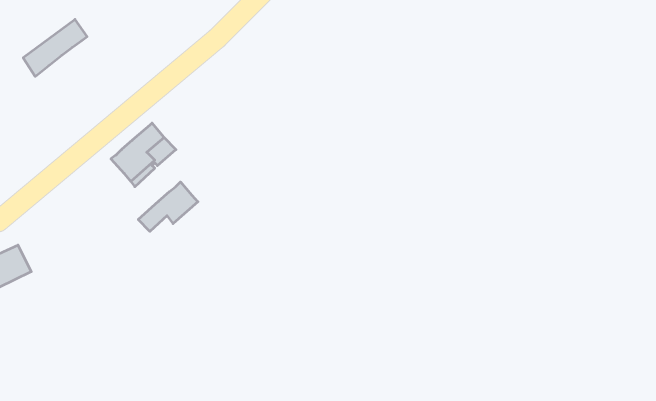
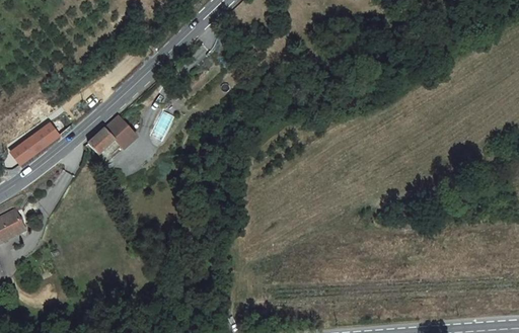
building: [23,19,87,76] -> [11,120,60,164]
building: [138,182,198,231] -> none

